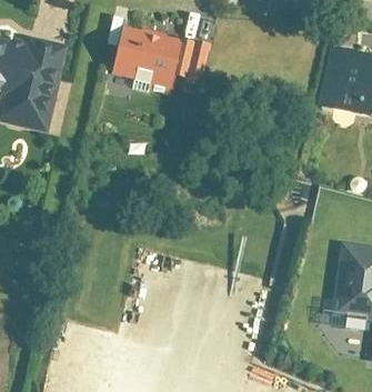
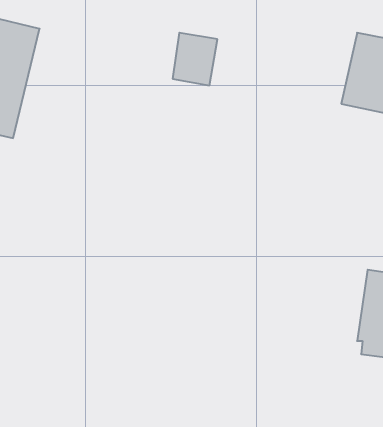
building: [113,26,181,86] -> none

